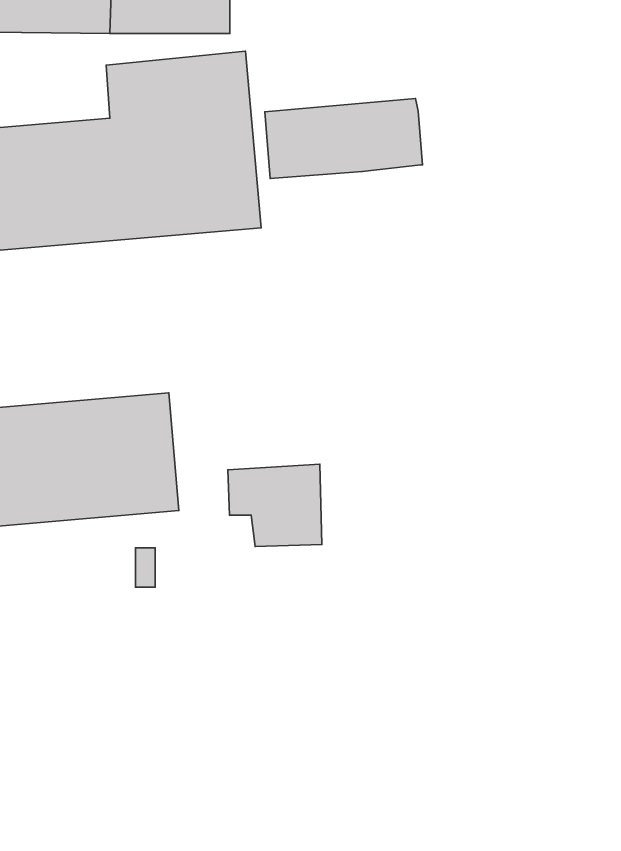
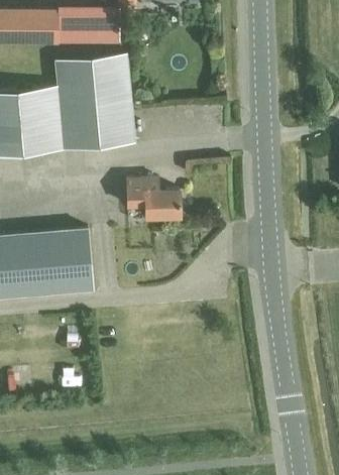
building: [265,99,423,178] -> none
building: [228,464,322,547] -> [131,177,180,220]

